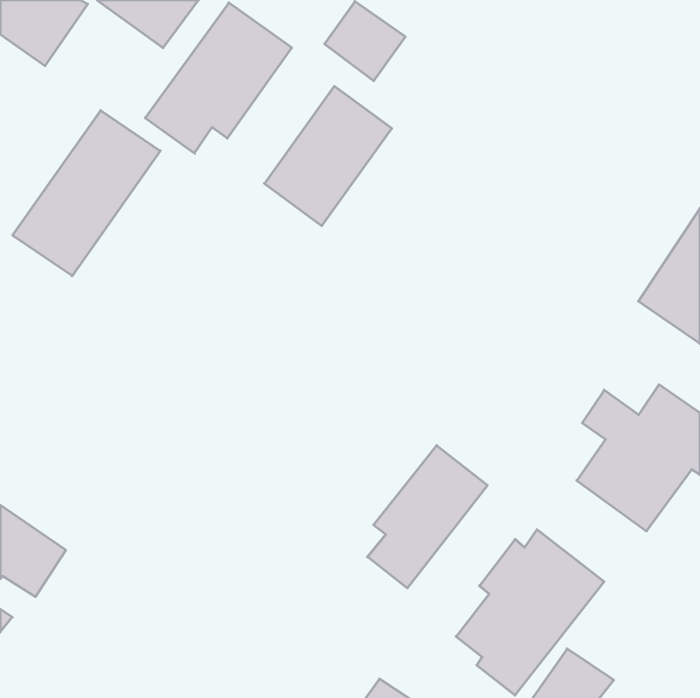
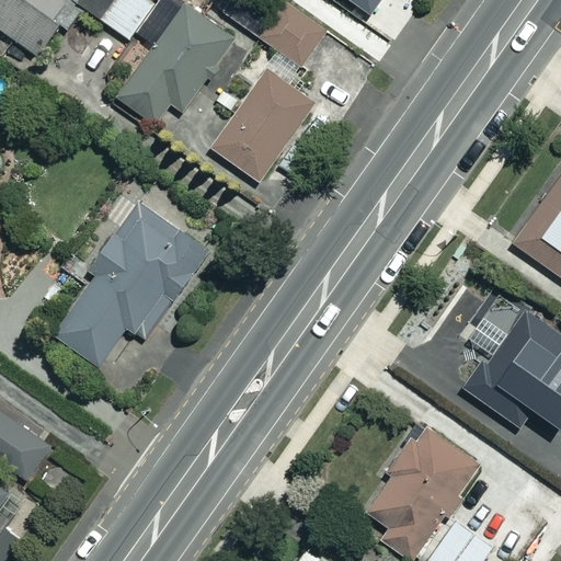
building: [13,110,160,276] -> none
building: none -> [53,202,207,366]
building: [367,445,487,588] -> none

